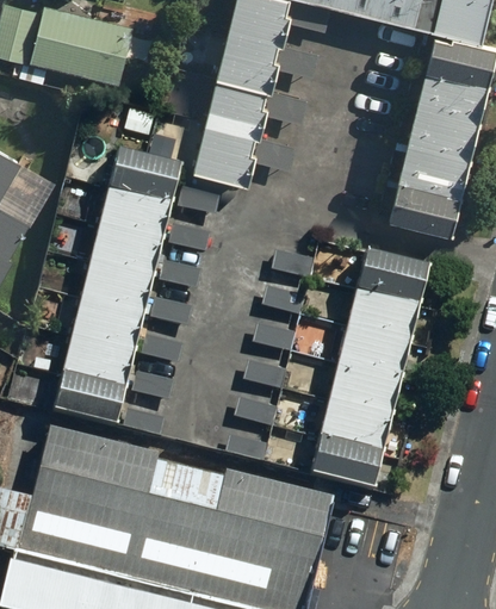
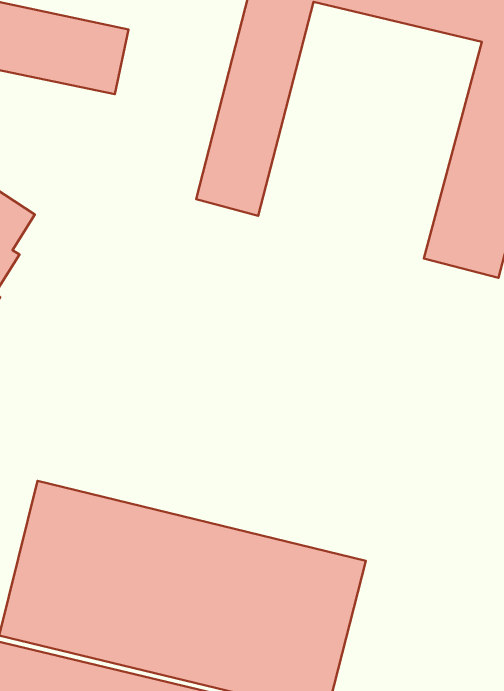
building: [50,157,178,431] -> none
building: [311,259,427,486] -> none

